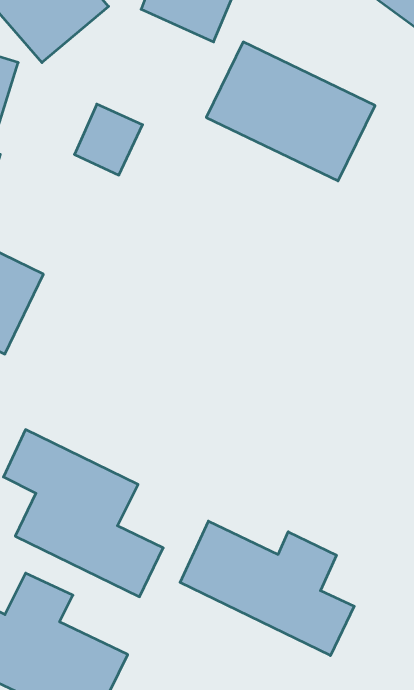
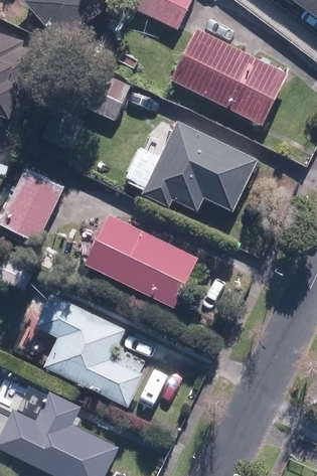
building: none -> [141,121,256,211]
building: none -> [82,212,197,307]
building: [180,521,354,656] -> none

